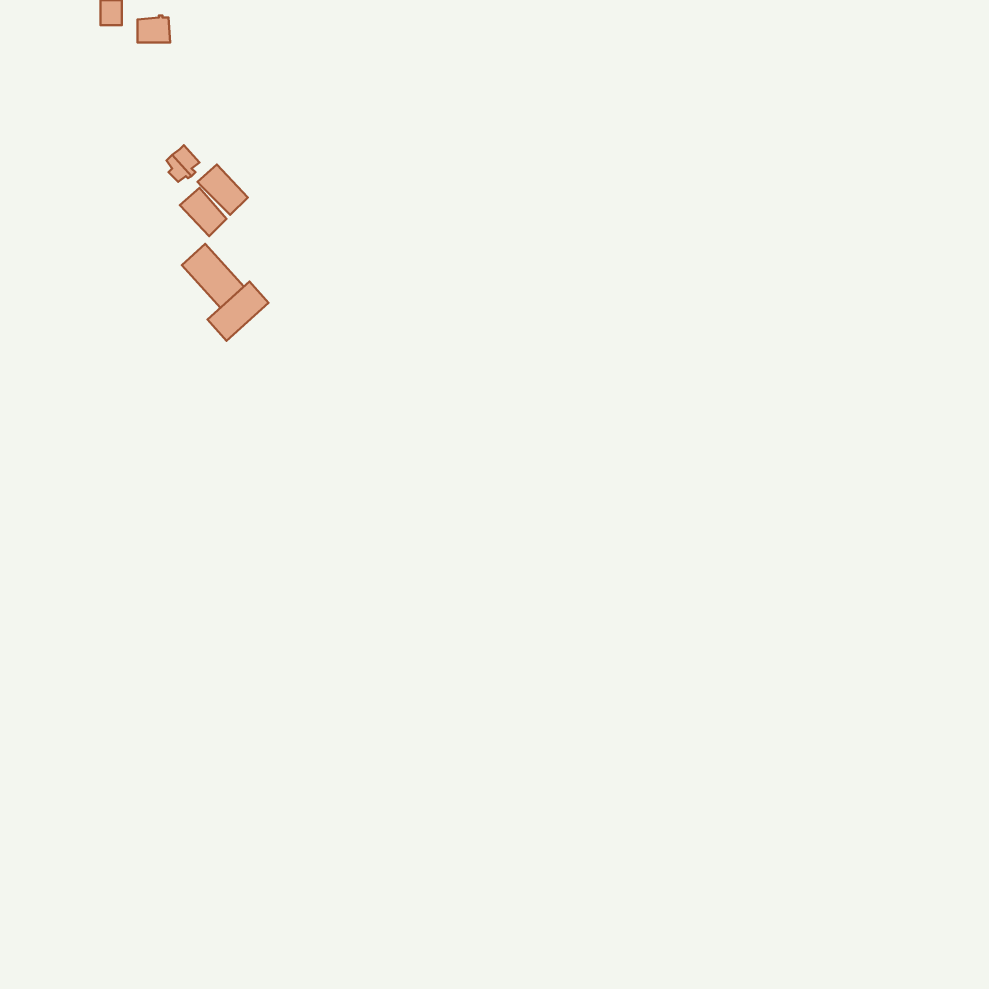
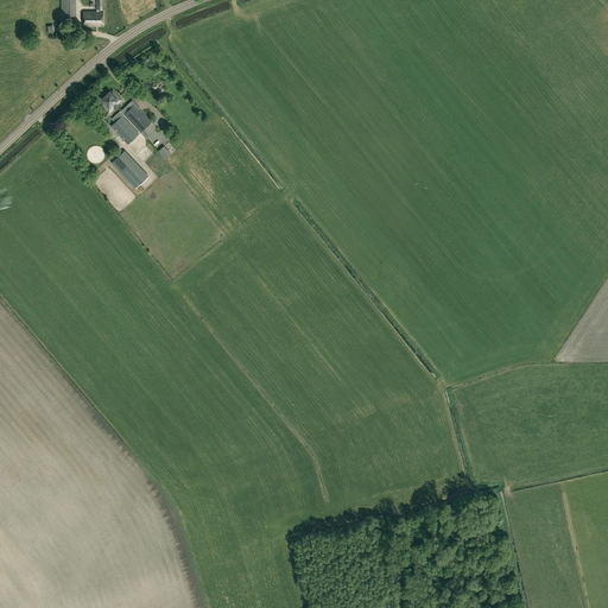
building: [208,282,268,341] -> none

